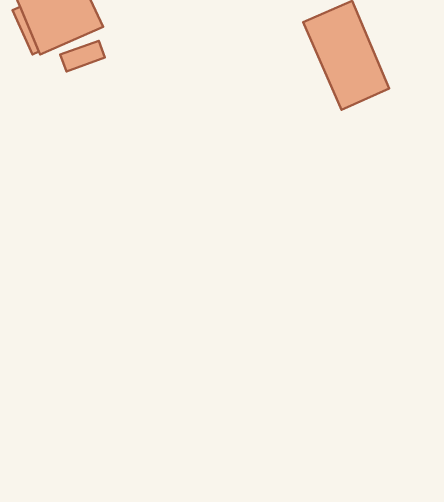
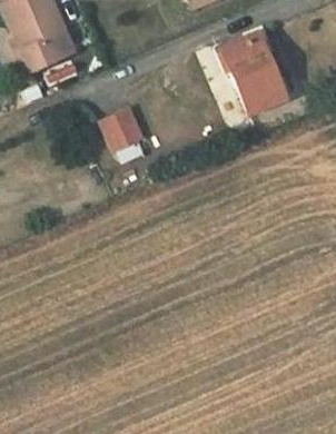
building: none -> [100,107,144,151]

